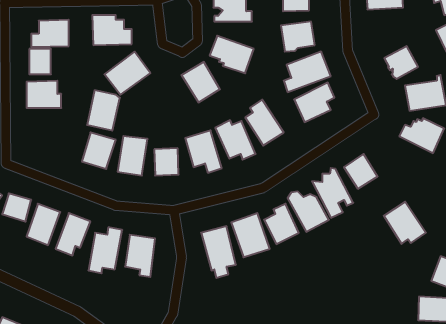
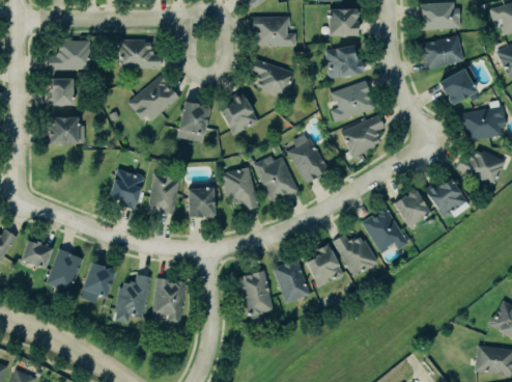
building: none -> [421,36,464,71]
building: [87,90,120,131] -> [175,101,211,145]
building: [384,202,426,244] -> [424,170,471,217]

